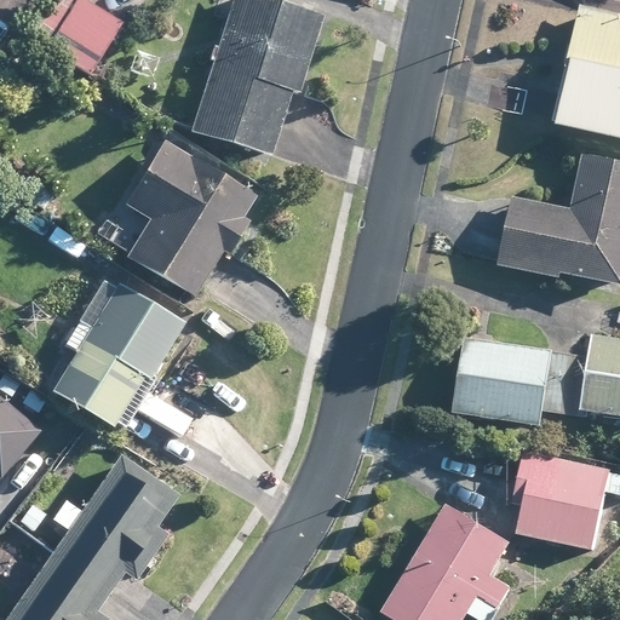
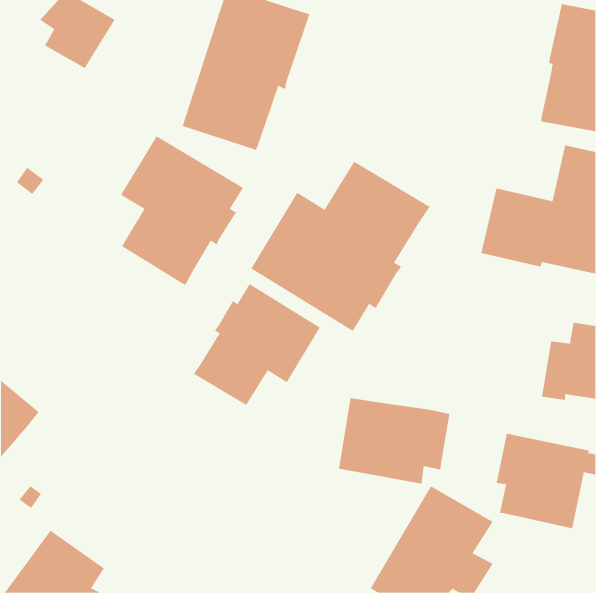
building: none -> [251,161,430,332]
building: [50,281,183,427] -> none
building: none -> [193,283,321,406]
building: [455,337,572,426] -> [338,398,450,484]
building: [51,453,177,590] -> none

